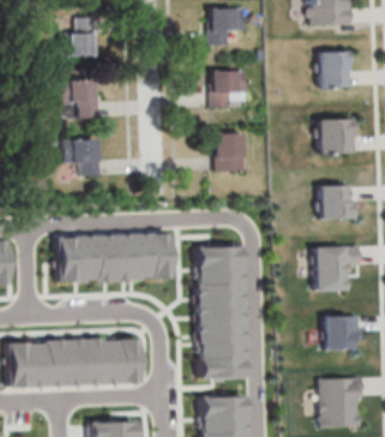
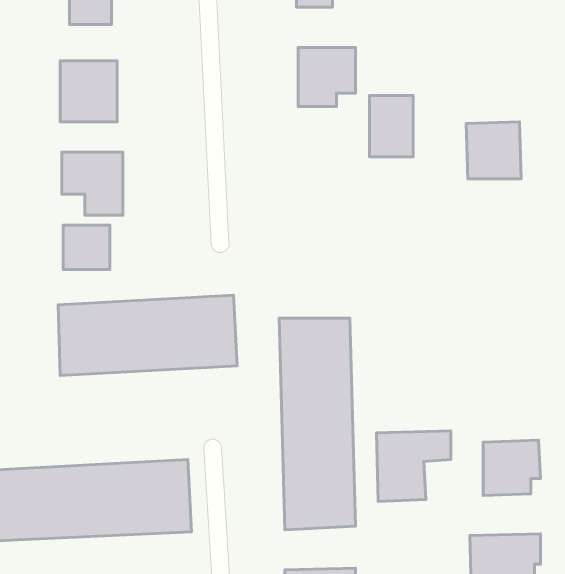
building: [317,53,351,89] -> none
building: [215,134,242,173] -> [369,96,413,157]
building: none -> [63,225,110,269]
building: [318,186,359,220] -> none
building: [315,250,362,294] -> [376,431,451,501]

